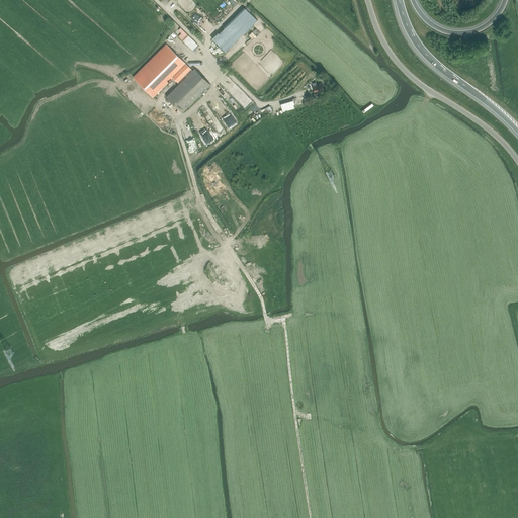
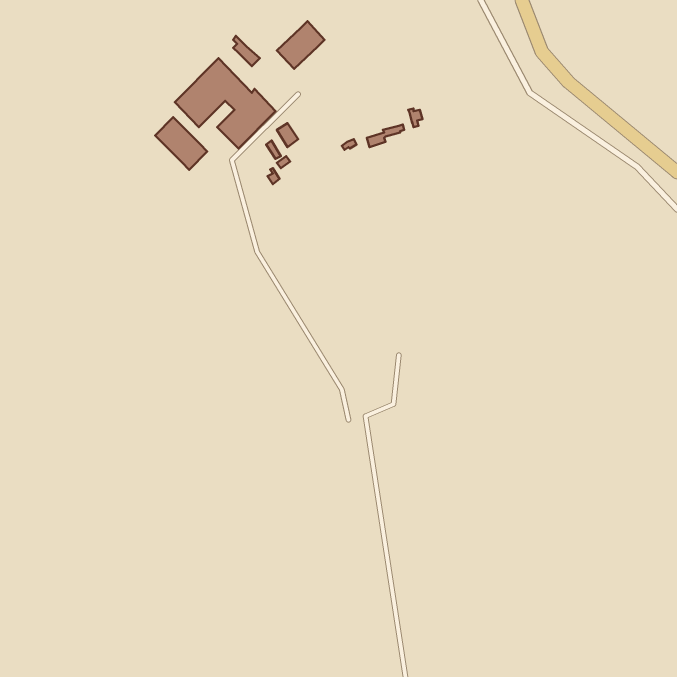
building: none -> [155,117,207,170]

